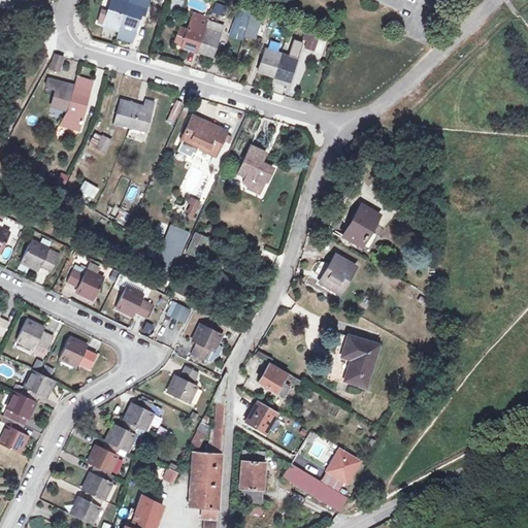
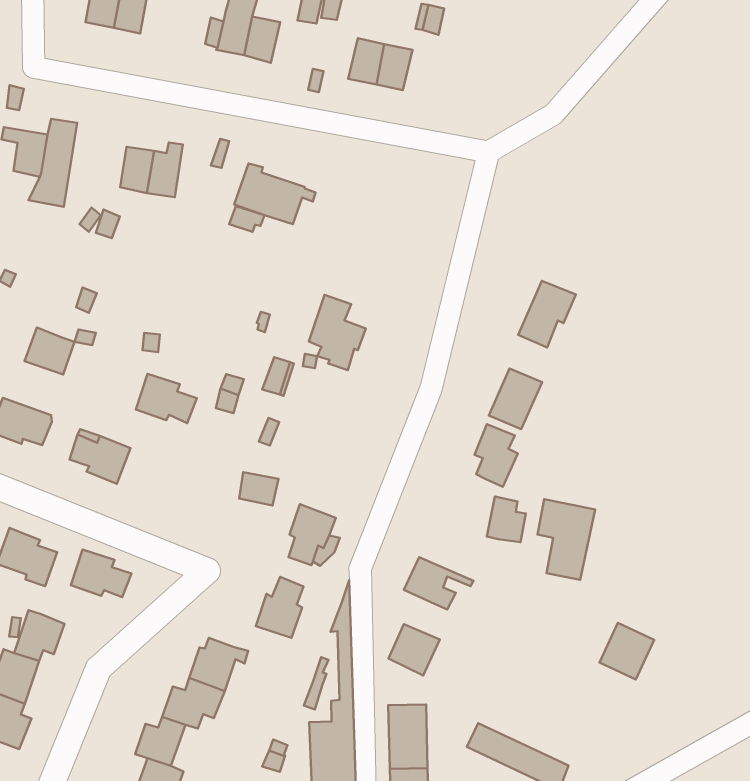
building: [238,146,273,193] -> [309,295,366,370]
building: none -> [24,328,75,375]
building: [117,287,154,319] -> [136,374,197,423]
building: none -> [475,424,518,487]
building: none -> [487,497,526,542]
building: [327,448,361,483] -> [600,623,654,680]

